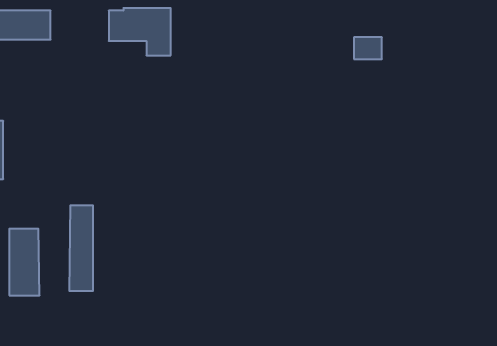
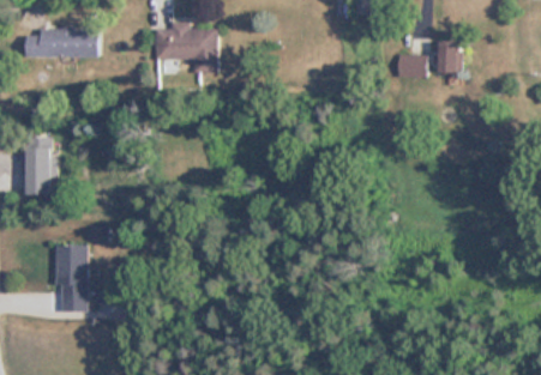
building: none -> [438,42,461,72]
building: [69,205,93,291] -> none

